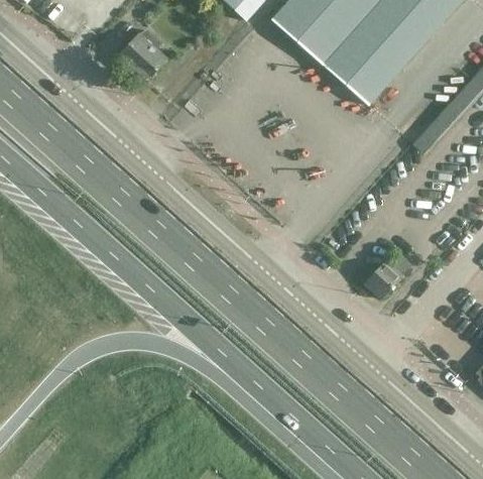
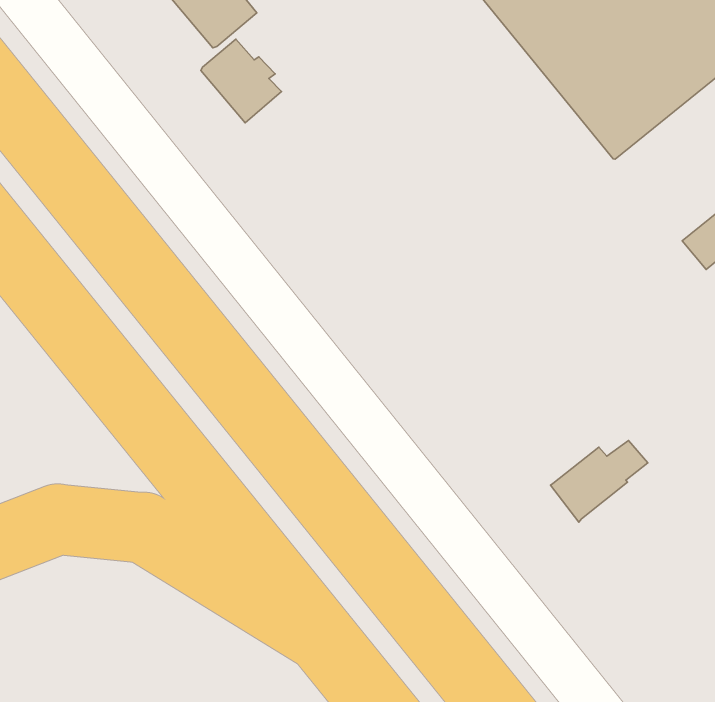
building: none -> [201,39,282,123]

